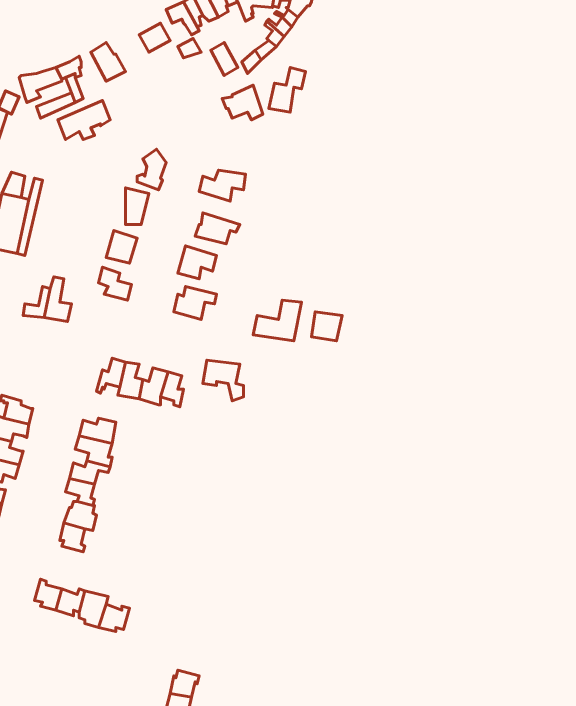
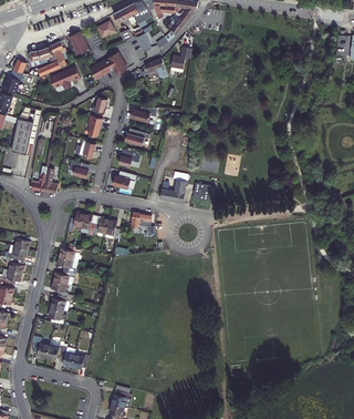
building: none -> [87,51,124,80]

